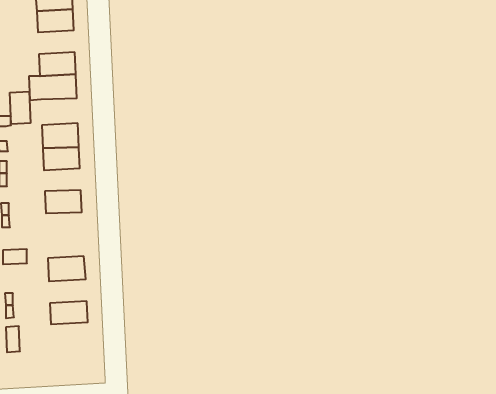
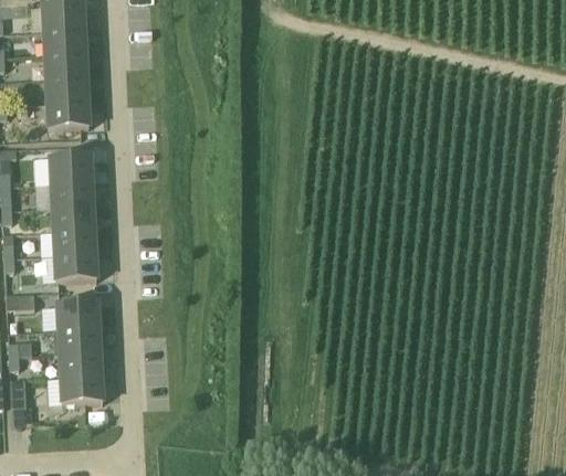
building: none -> [45,51,86,77]
building: [10,92,30,124] -> none
building: none -> [52,203,93,229]
building: none -> [54,252,96,279]
building: none -> [53,326,99,352]
building: none -> [60,373,102,402]

